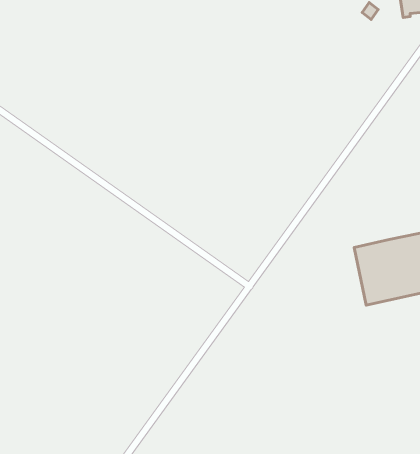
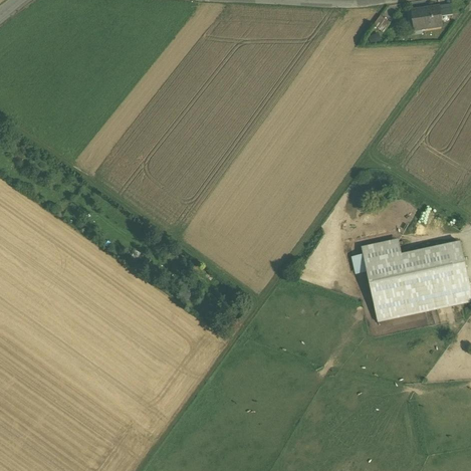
building: none -> [361,238,400,261]

